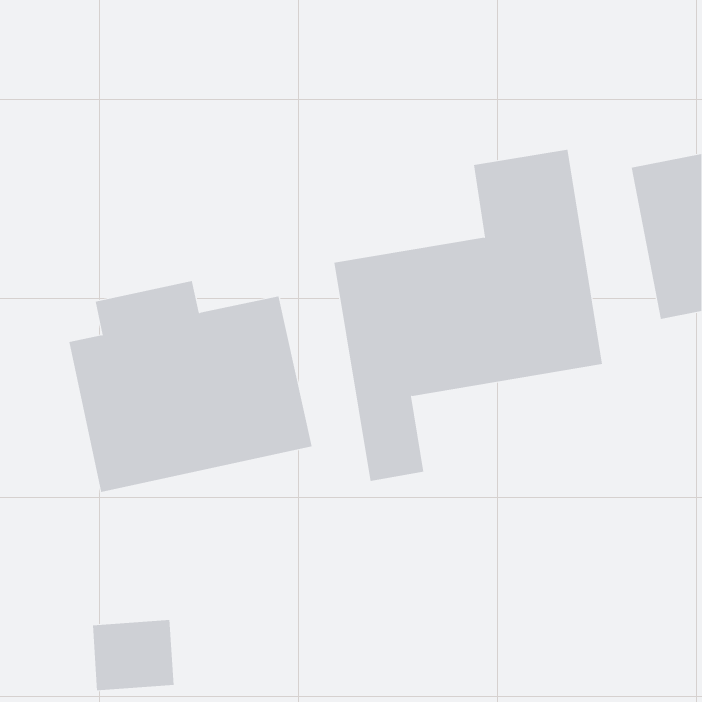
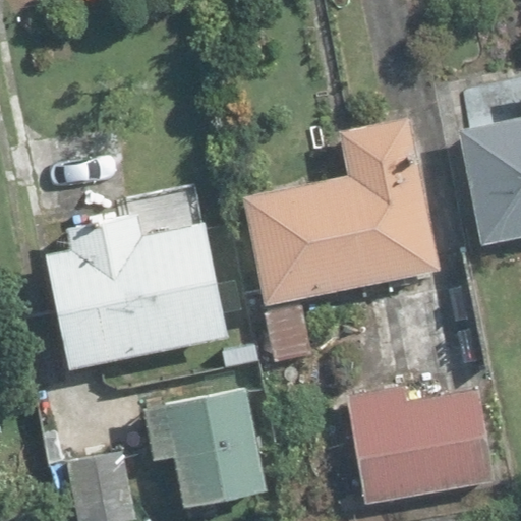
building: none -> [347,386,489,505]
building: none -> [140,390,267,506]

